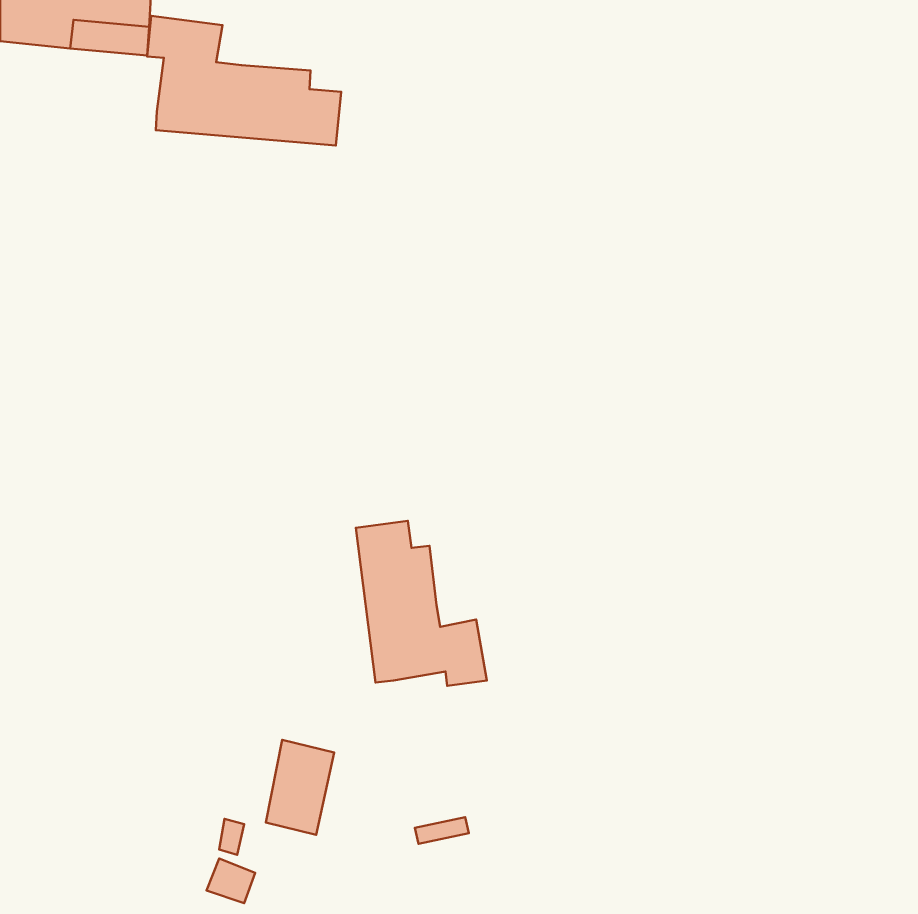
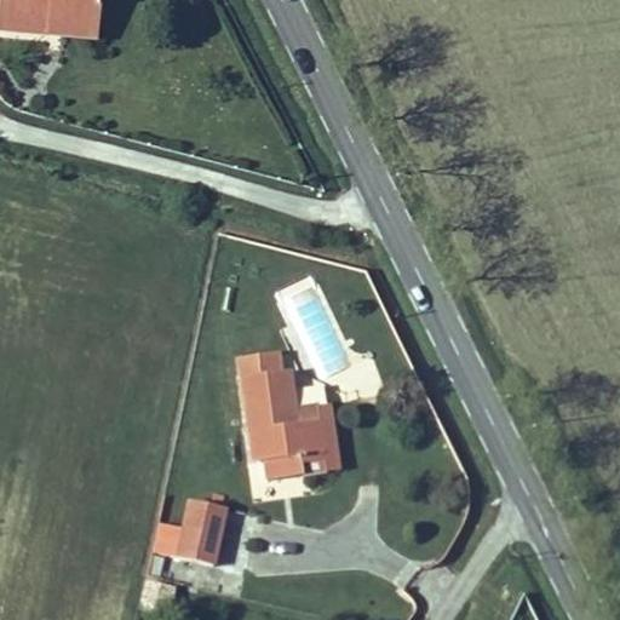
building: [147,16,341,145] -> none
building: none -> [265,403,339,478]

